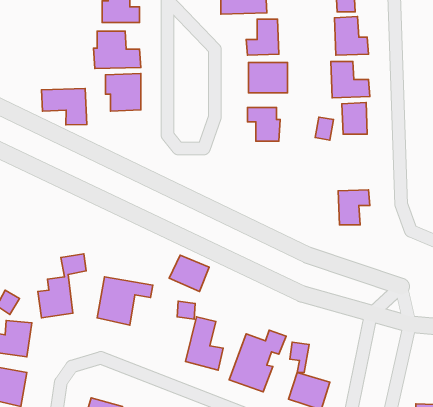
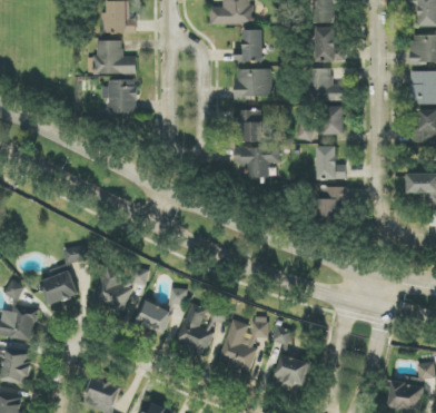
building: [42,88,87,125] -> none
building: none -> [232,146,278,178]
building: none -> [316,146,346,179]
building: [169,255,209,291] -> [135,301,171,334]

